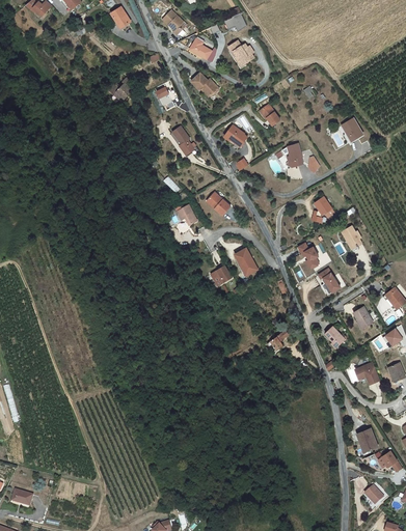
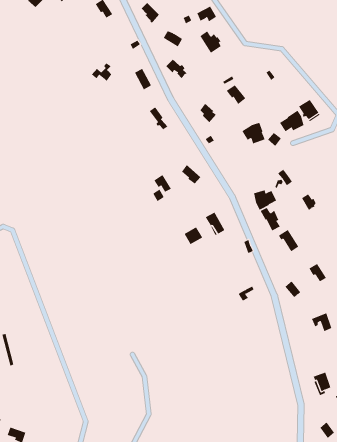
building: none -> [279,110,304,132]
building: none -> [254,189,277,210]

